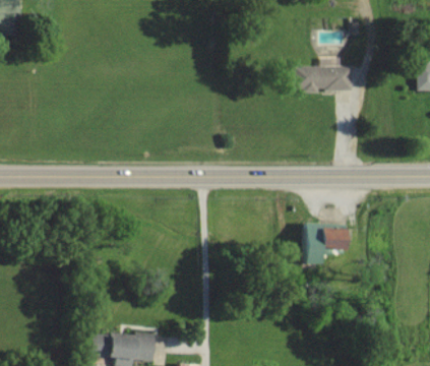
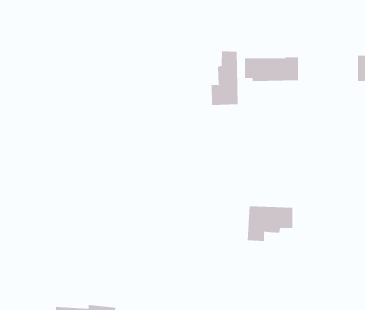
building: none -> [211,50,238,106]

